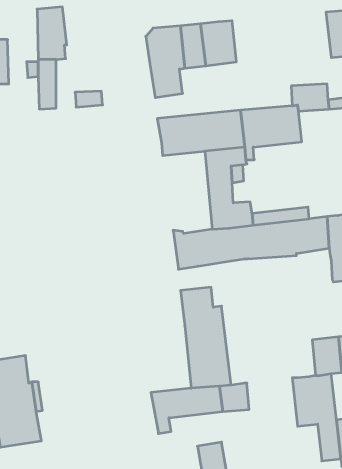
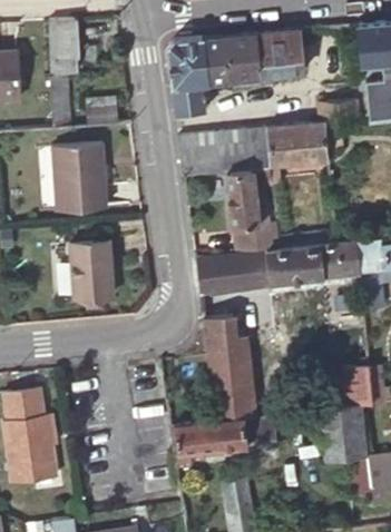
building: none -> [257,29,315,77]
building: none -> [52,139,108,210]
building: none -> [71,242,115,298]

